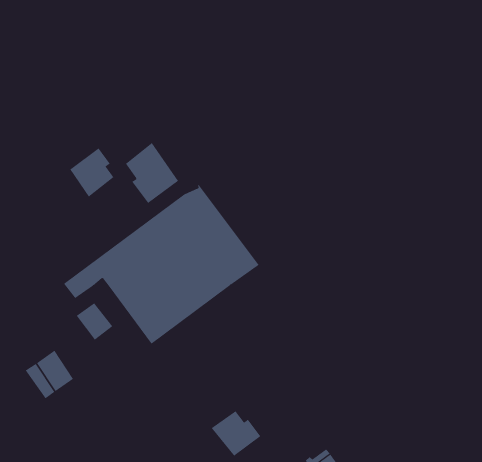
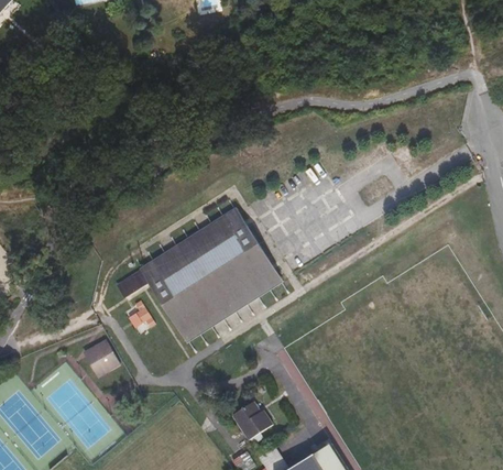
building: [125,142,179,204] -> none
building: [69,148,114,198] -> none

